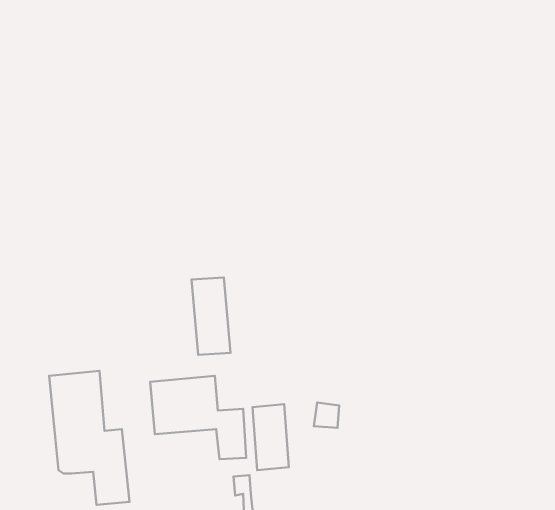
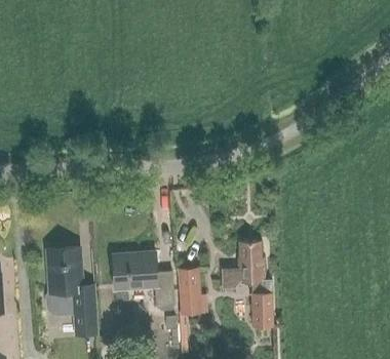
building: [191,278,231,355] -> none
building: none -> [237,242,273,327]

